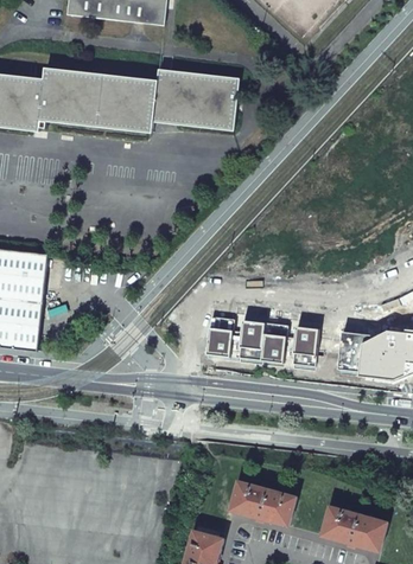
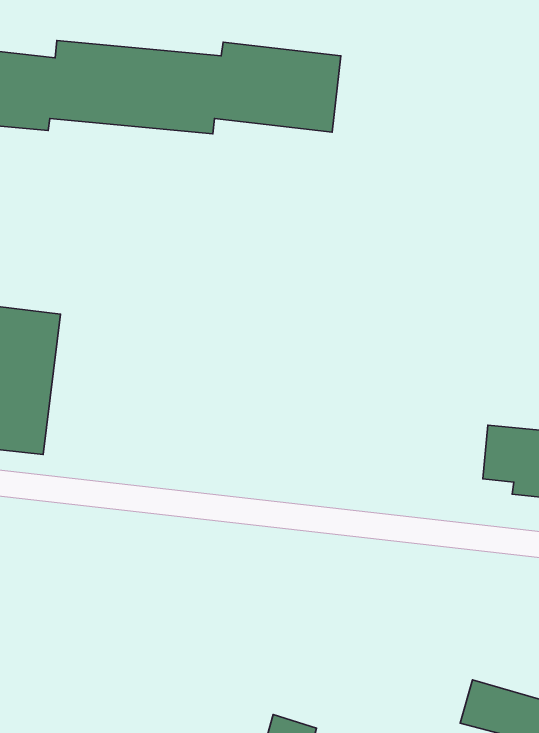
building: [205,316,319,368] -> none
building: [230,480,296,525] -> none

